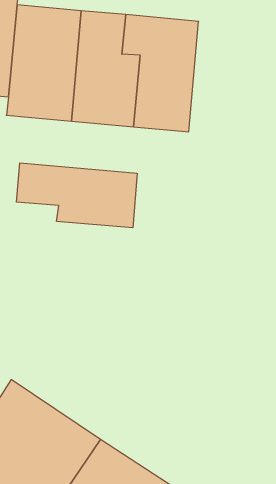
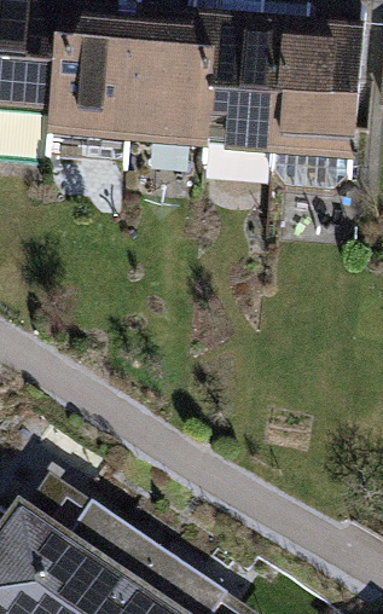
building: none -> [267,33,358,178]
building: [17,163,137,228] -> none

